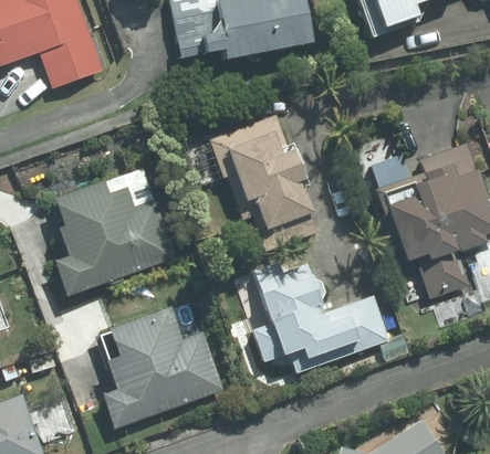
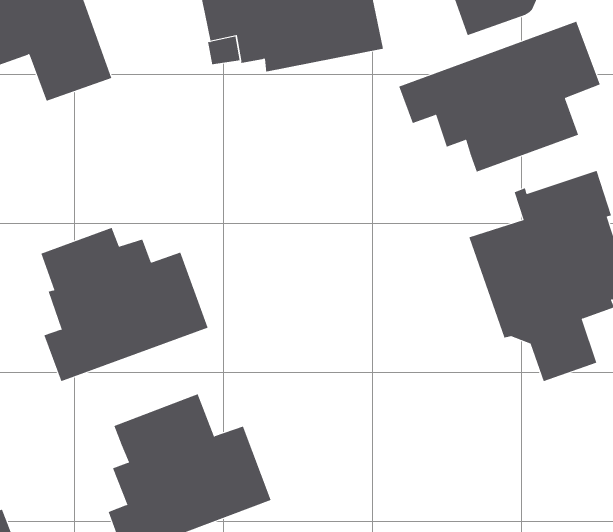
building: none -> [398,21,600,172]
building: [208,113,317,251] -> none
building: [253,264,388,372] -> none

